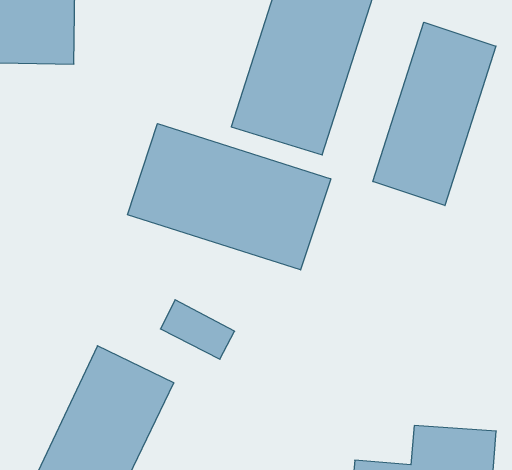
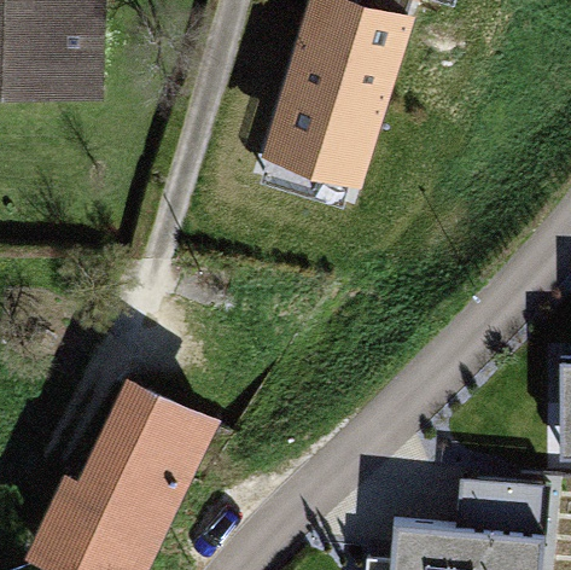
building: [373,22,496,206] -> none
building: [127,124,331,270] -> none

